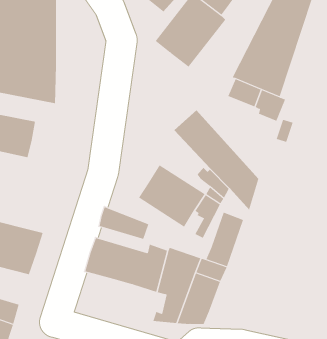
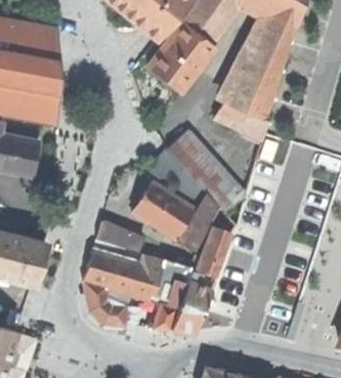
building: none -> [148,149,199,196]
building: none -> [82,280,127,324]

